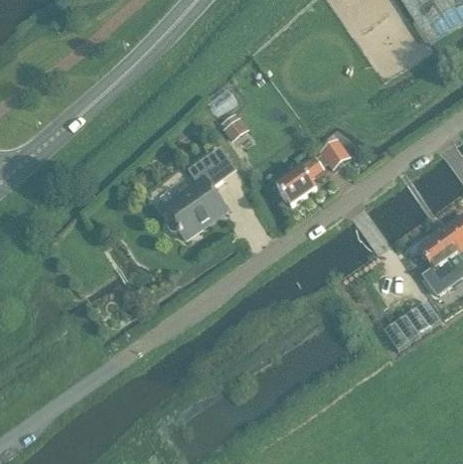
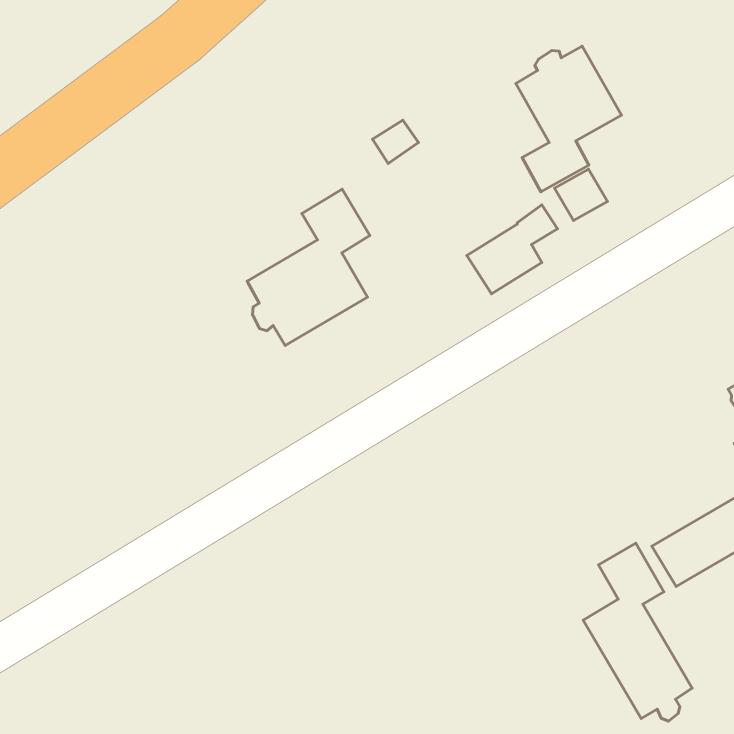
building: none -> [516,46,621,192]
building: none -> [583,543,692,721]

